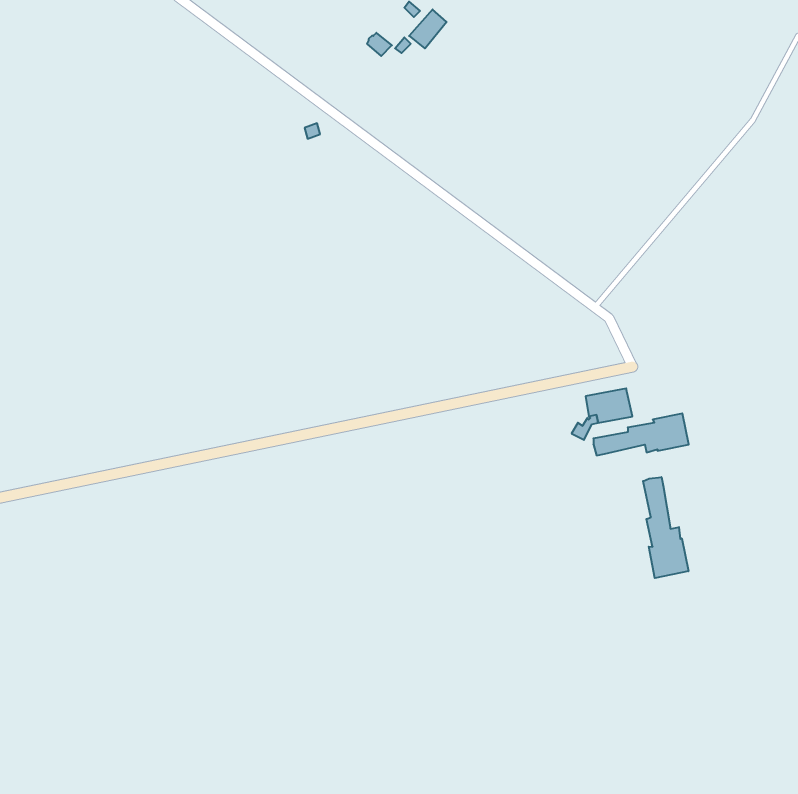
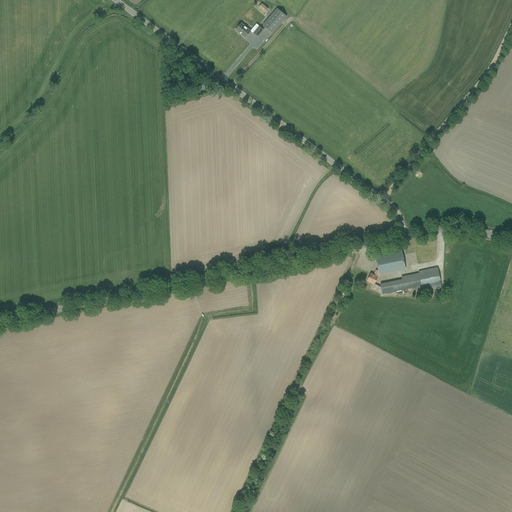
building: [643,477,688,578] -> none

